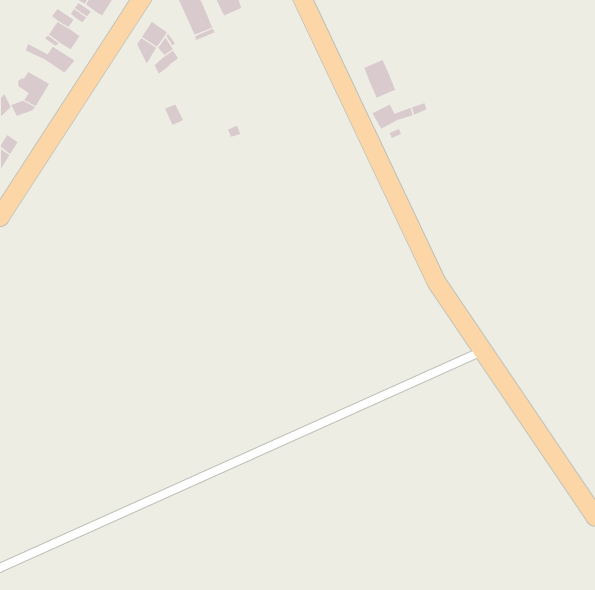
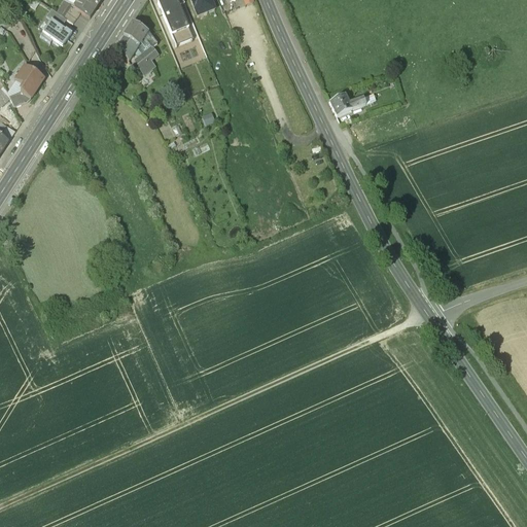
building: [25,43,75,73] -> none
building: [364,59,396,99] -> none

